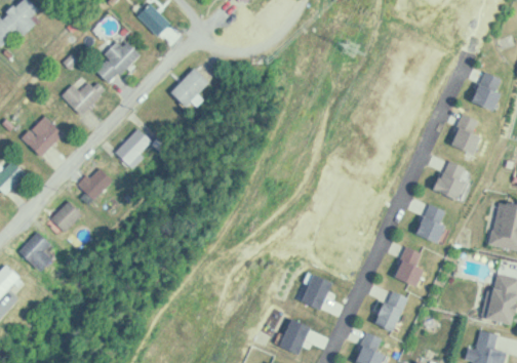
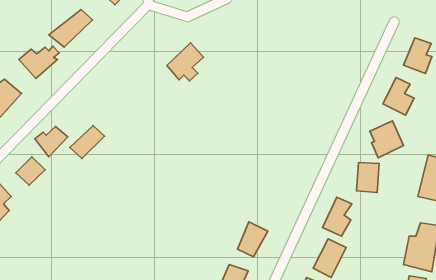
building: [166,67,206,108] -> [167,43,204,81]
building: [111,128,149,164] -> [70,126,105,159]

